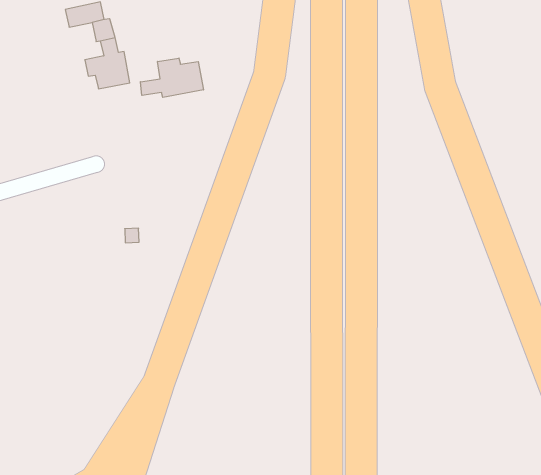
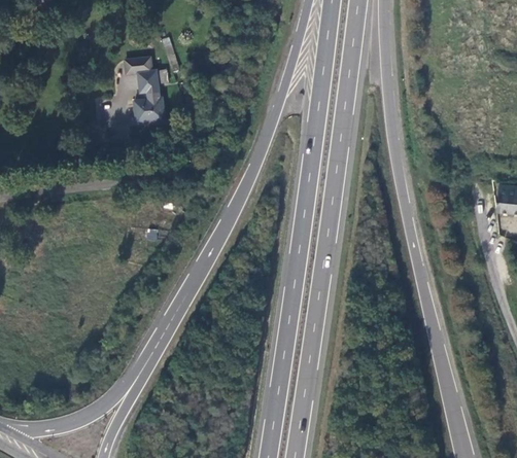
building: [140,58,203,97] -> none

